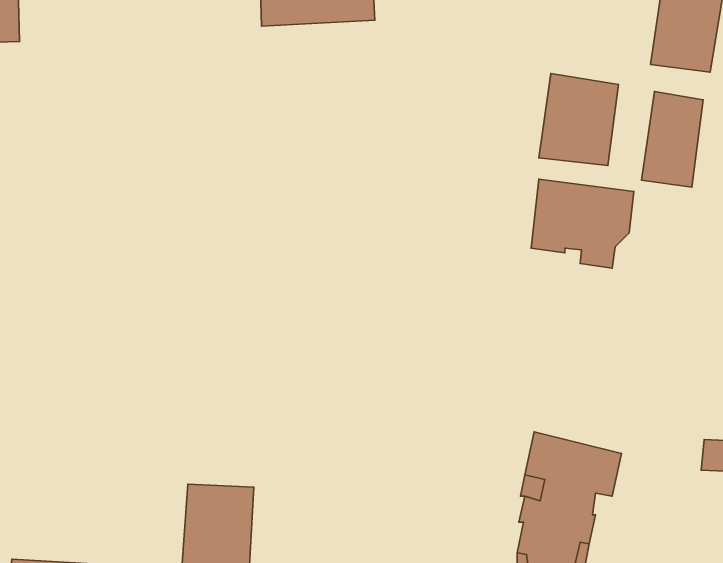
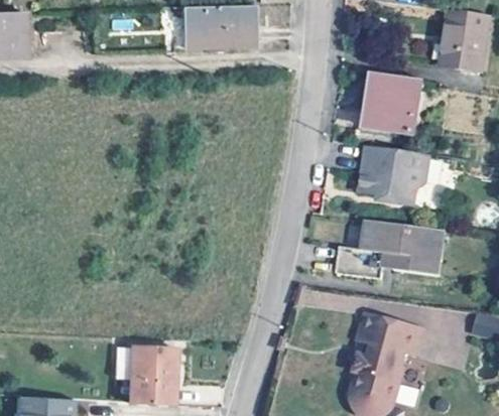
building: [641,92,703,187] -> none
building: none -> [340,221,449,279]

